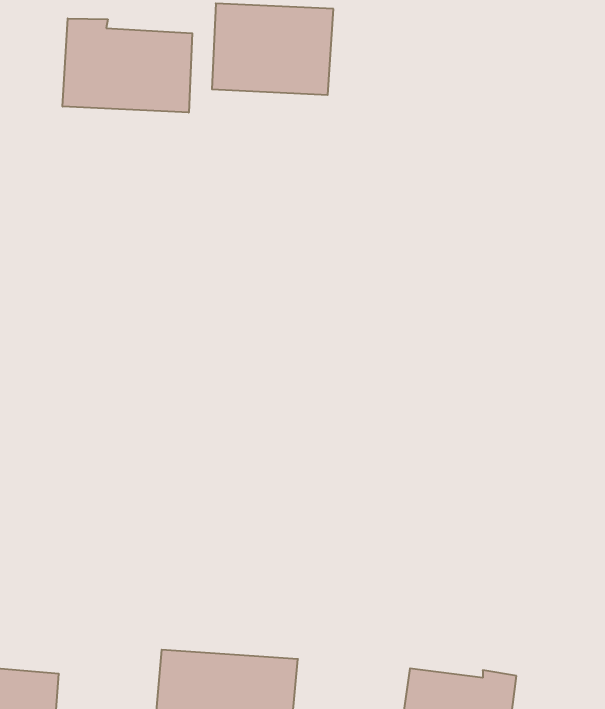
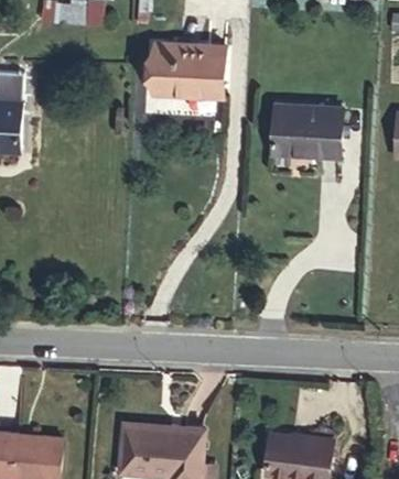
building: [63,18,192,113] -> none
building: none -> [270,105,342,156]

